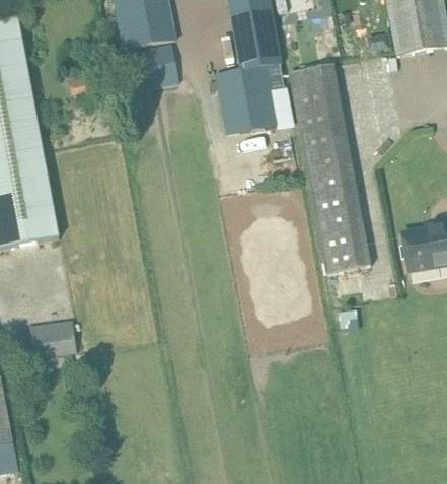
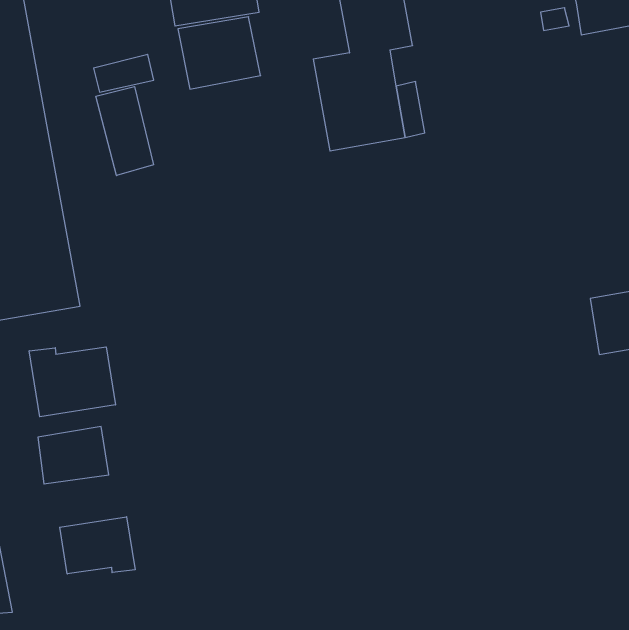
building: [290,64,366,272] -> none
building: none -> [96,87,153,176]
building: none -> [29,347,115,417]
building: none -> [60,517,135,574]

